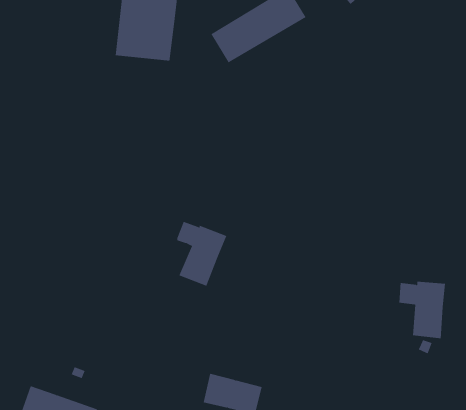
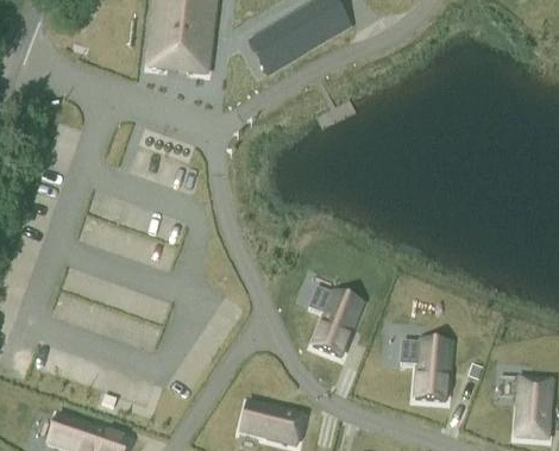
building: [176,221,227,287] -> [309,287,363,356]
building: [399,281,446,339] -> [401,339,451,400]

